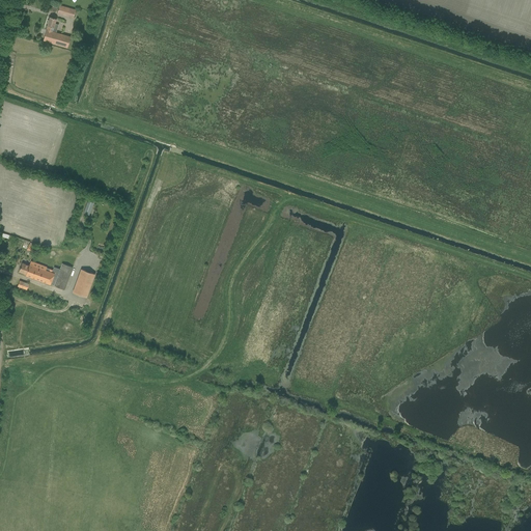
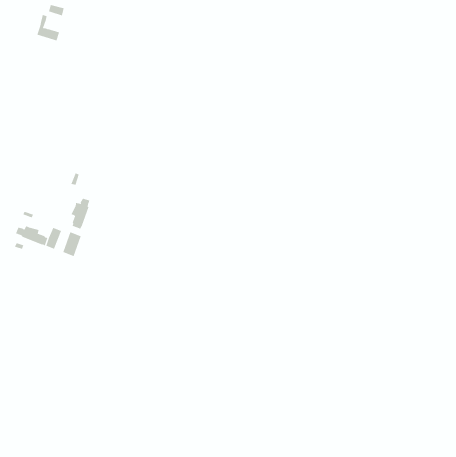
building: none -> [71,198,90,230]

